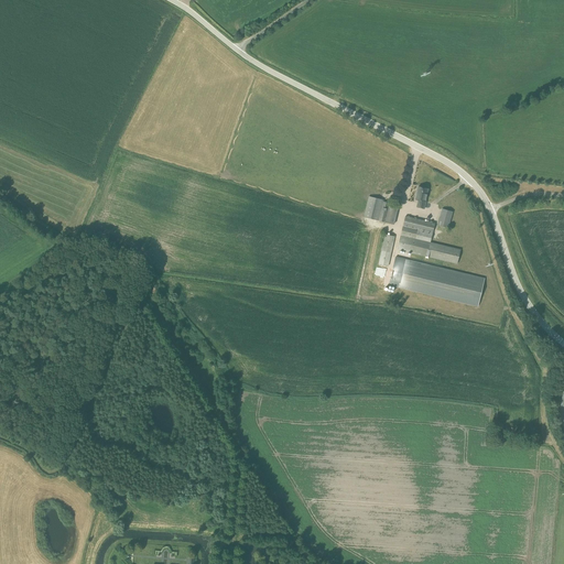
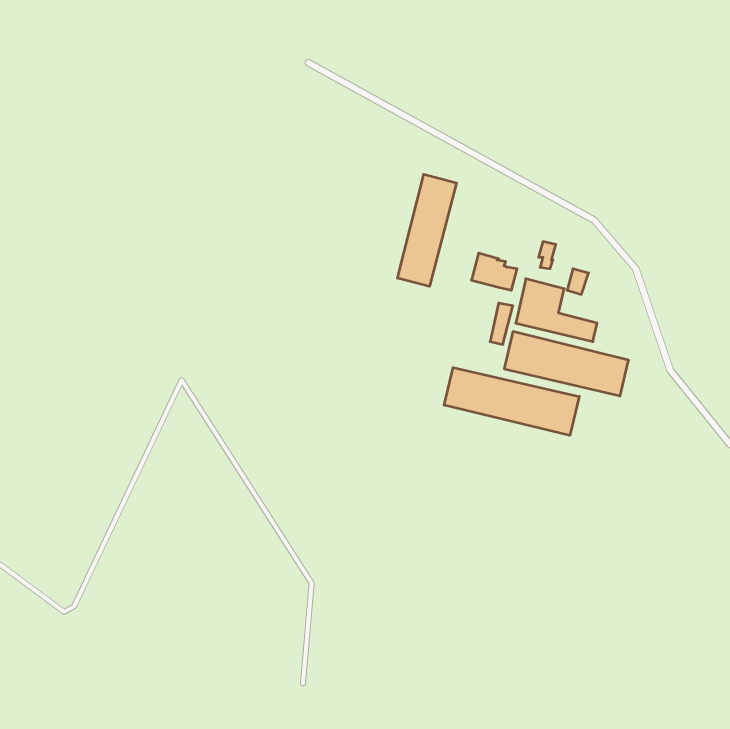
building: none -> [398,174,457,286]
building: none -> [444,368,579,435]

